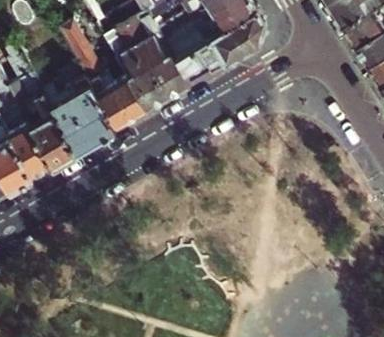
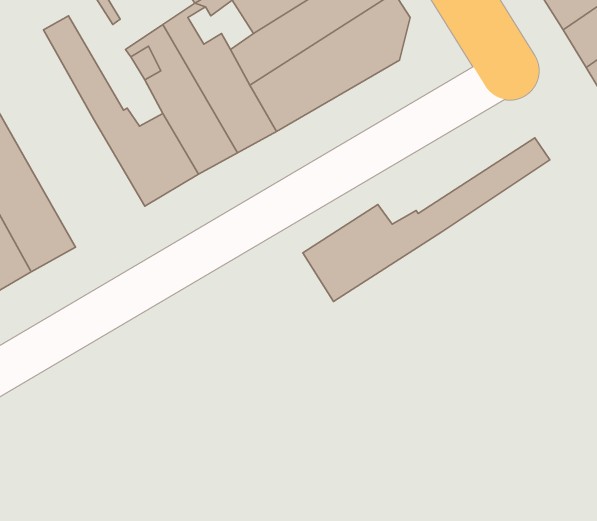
building: [49,81,116,153] -> none
building: none -> [303,138,550,301]

